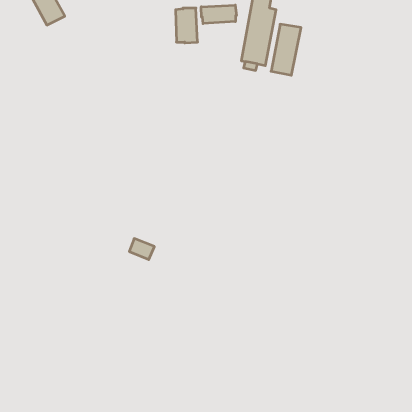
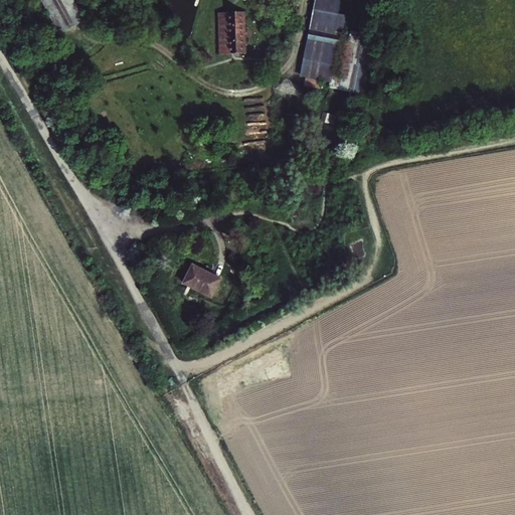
building: [201,5,236,24] -> none
building: [129,239,154,260] -> [185,266,216,292]

